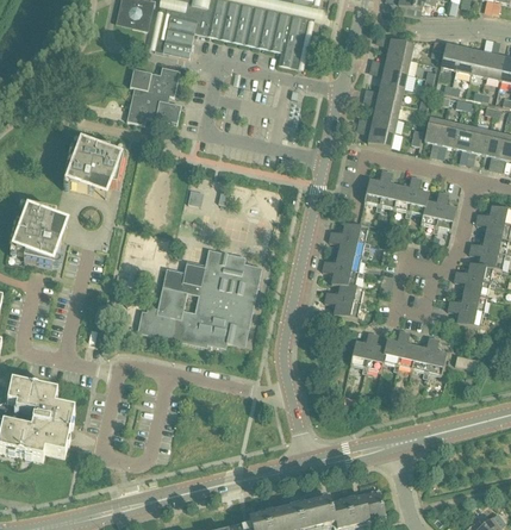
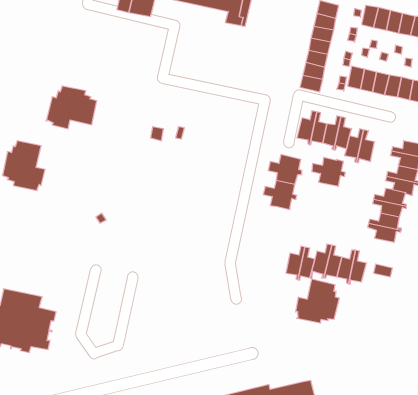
building: [125,66,180,124] -> none
building: [136,248,261,347] -> none
building: [324,283,364,318] -> [312,157,345,186]
building: none -> [296,279,339,323]

